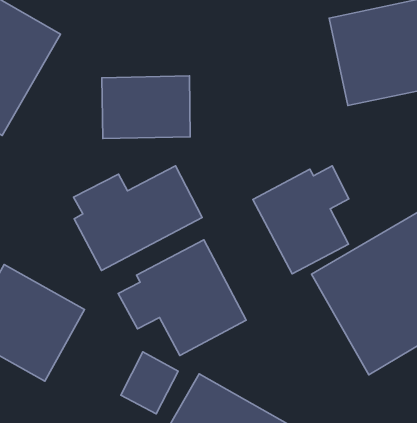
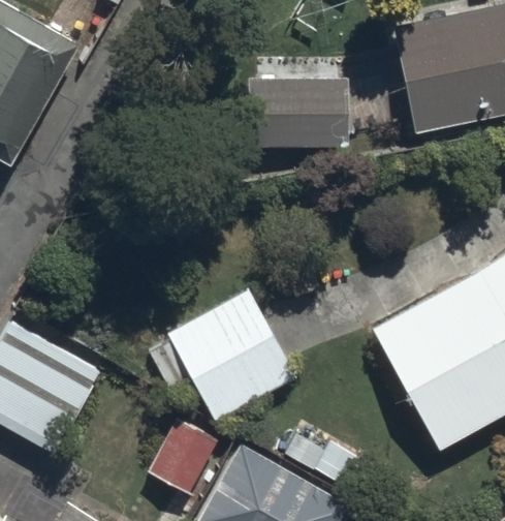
building: [102,76,190,139] -> [245,76,348,150]
building: [253,166,349,274] -> none
building: [74,166,202,270] -> none

